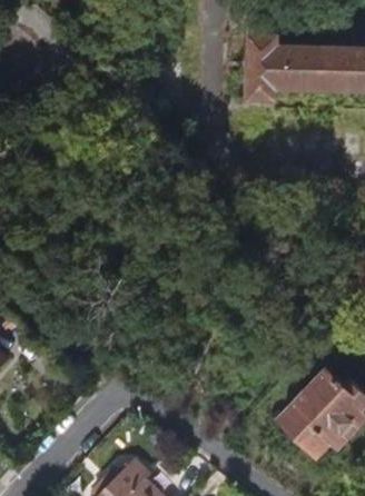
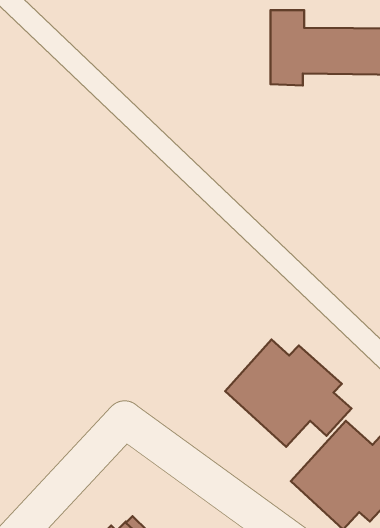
building: none -> [225,339,351,447]

